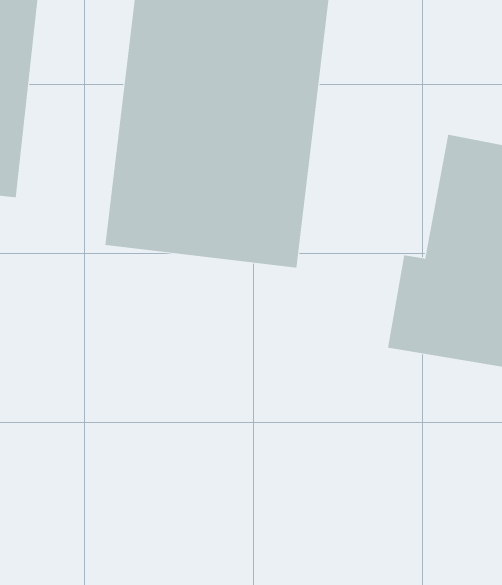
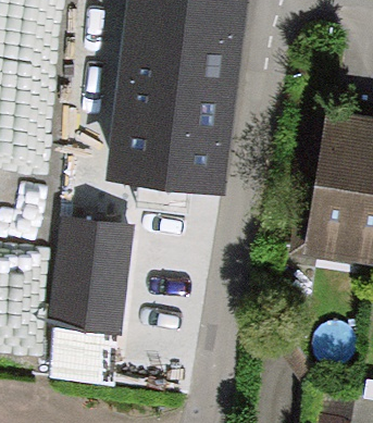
building: none -> [52,220,139,334]

